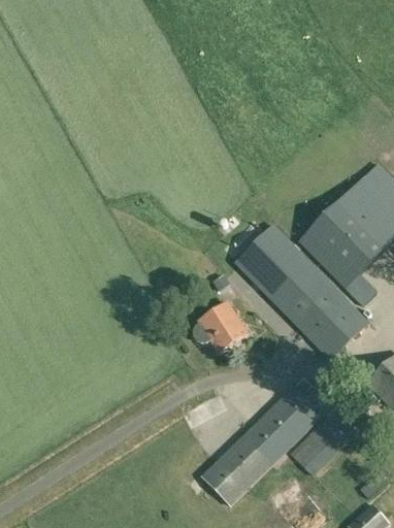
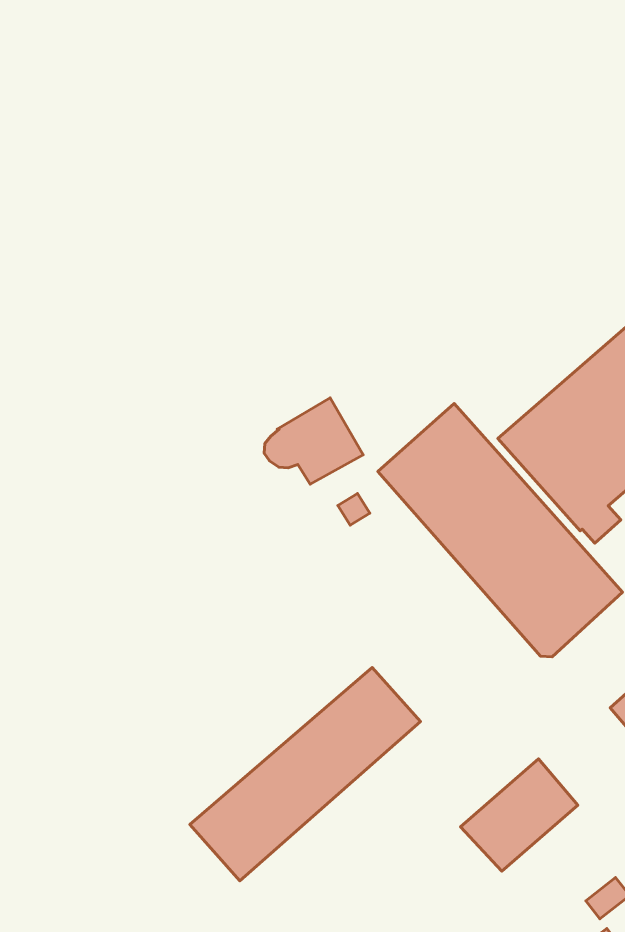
building: [193,303,247,351] -> [264,398,363,484]
building: [202,385,324,504] -> [190,667,420,881]

